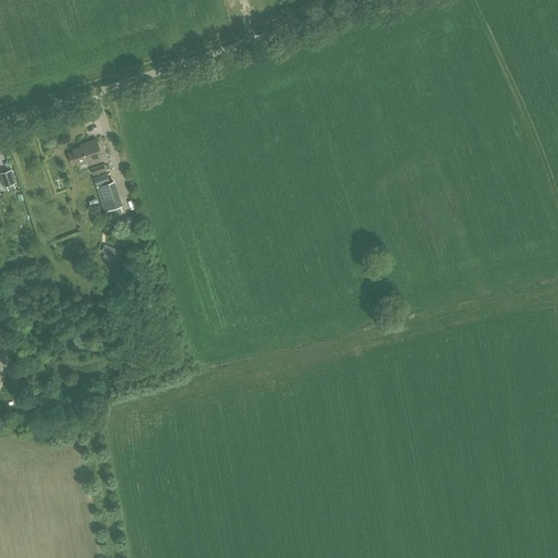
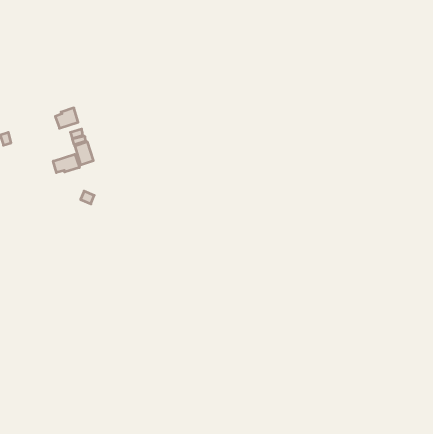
building: none -> [53,154,79,173]

